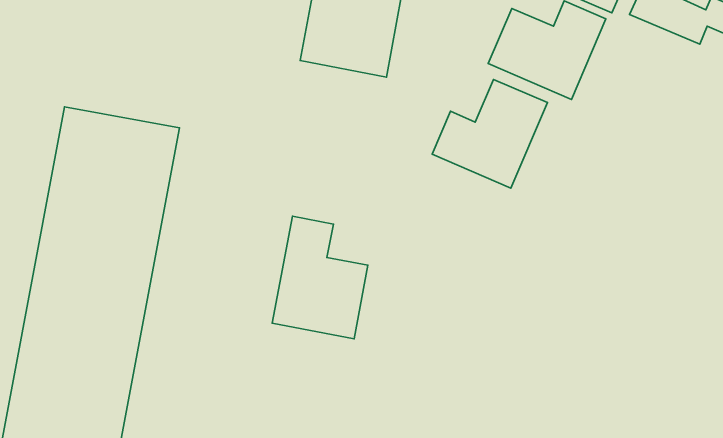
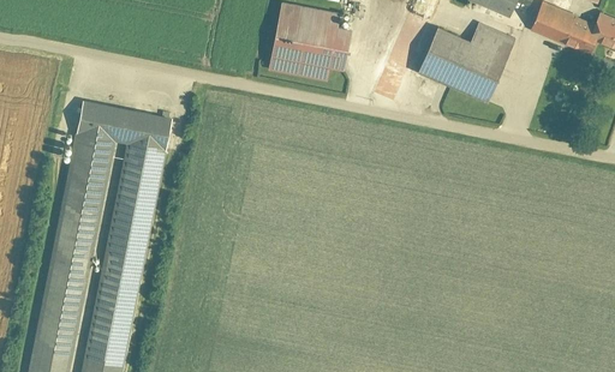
building: [432,79,548,188] -> none
building: [272,216,368,339] -> none

